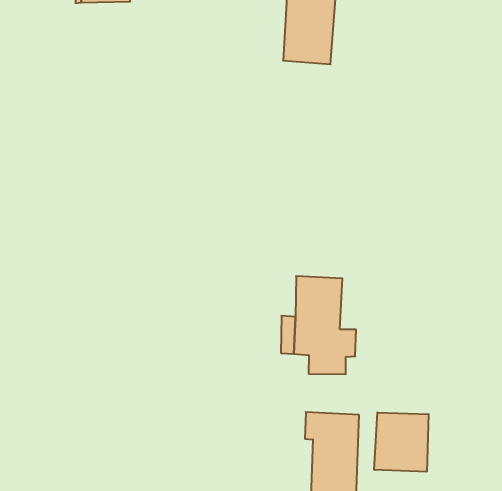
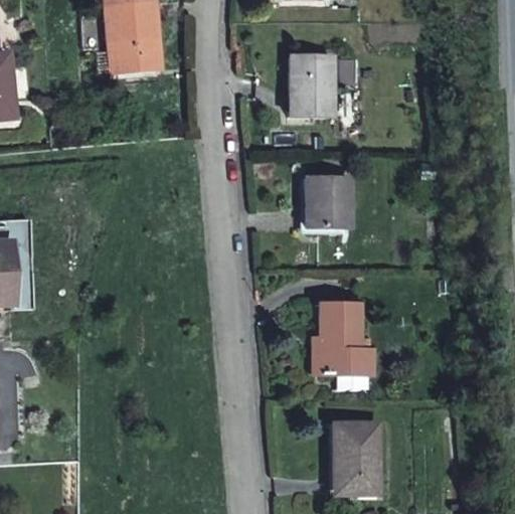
building: none -> [310,175,357,227]
building: [374,412,429,472] -> none

